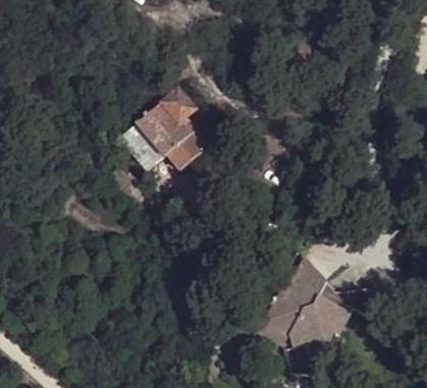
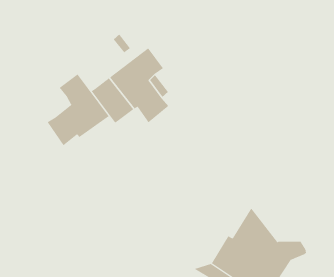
building: none -> [47,73,109,146]

